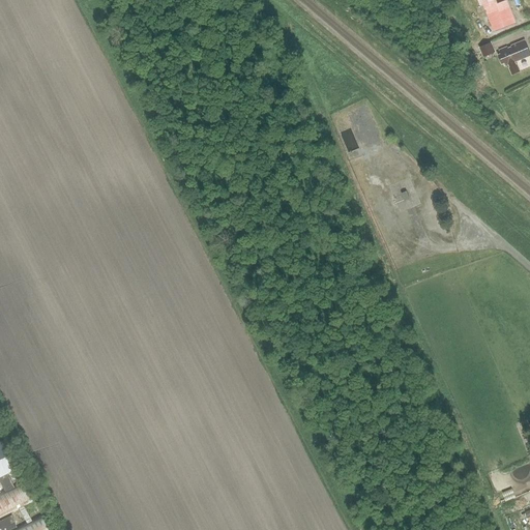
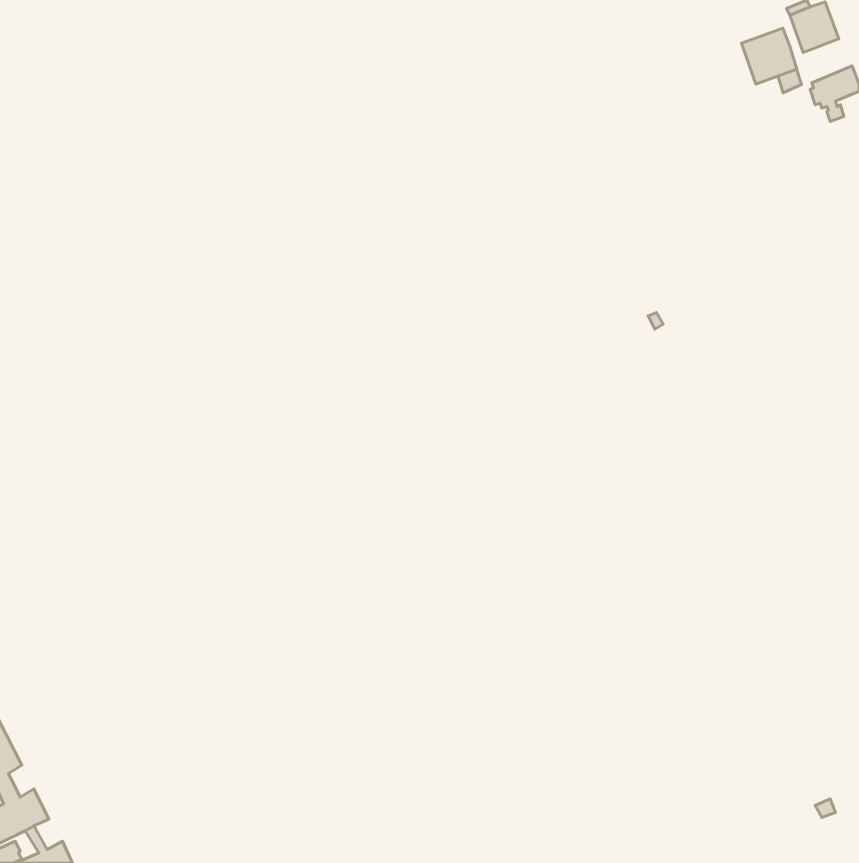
building: none -> [742,28,797,84]

